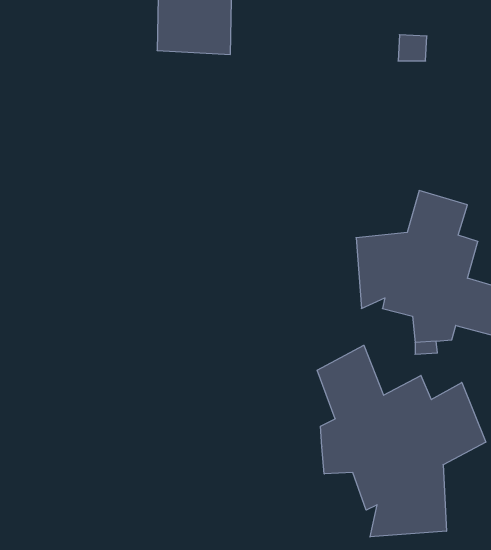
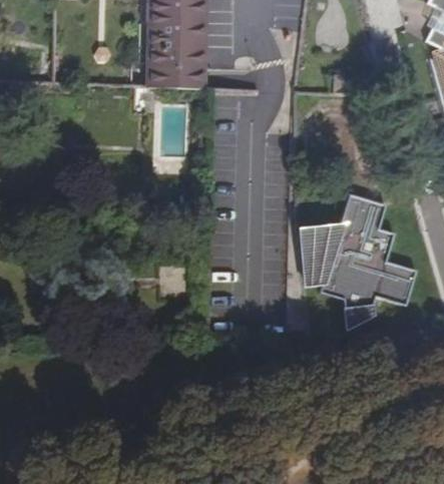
building: [317,345,486,537] -> none

